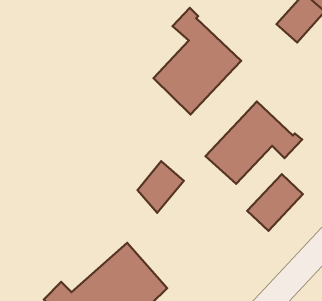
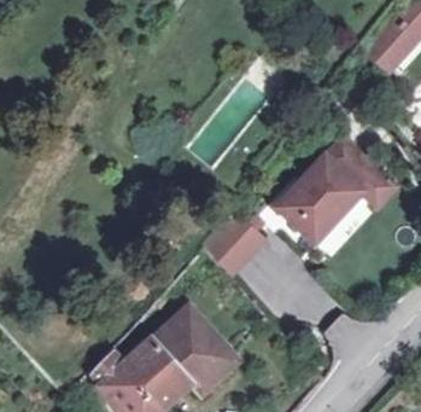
building: [153,8,241,115] -> none
building: [247,174,303,231] -> none

